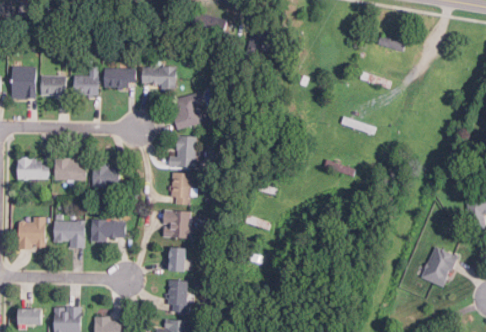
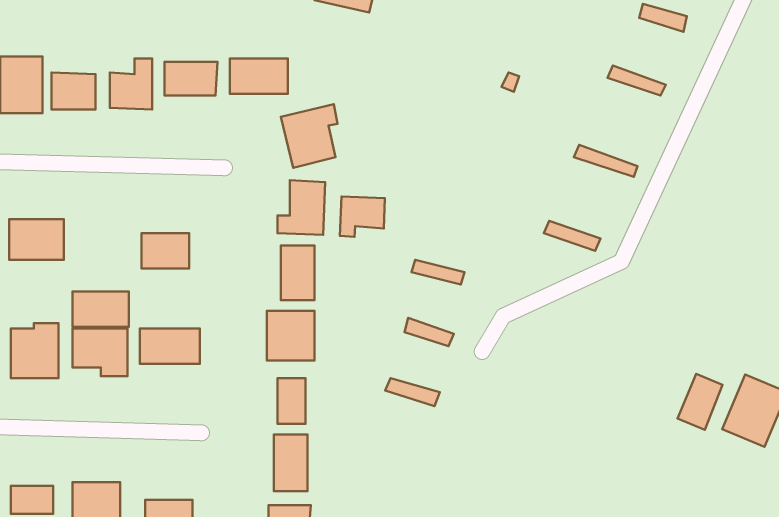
building: none -> [340,196,385,237]
building: [53,159,85,179] -> [72,291,129,327]
building: none -> [677,374,722,430]

